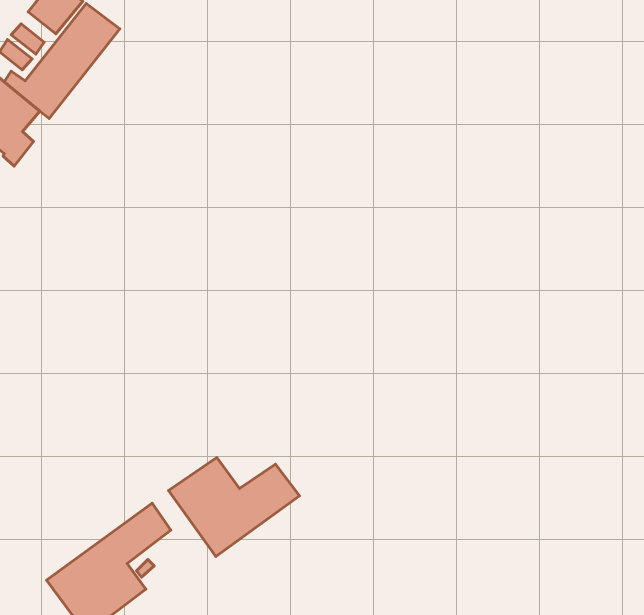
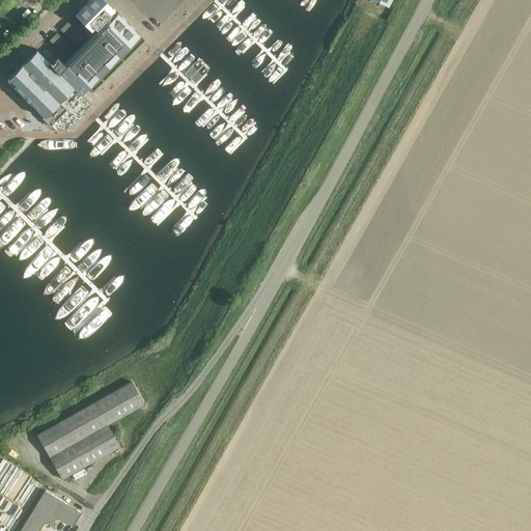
building: [168,458,299,556] -> none

